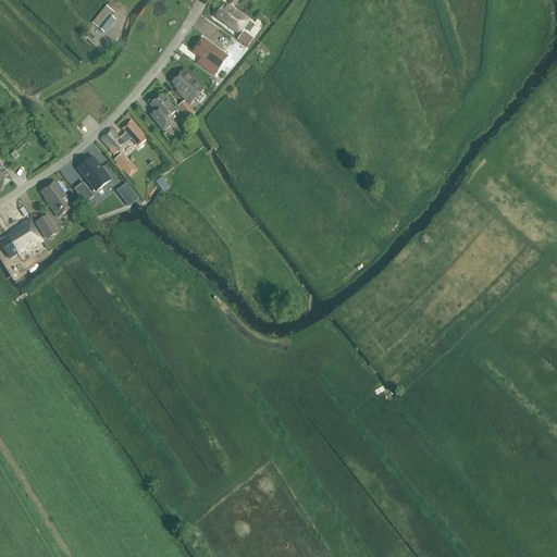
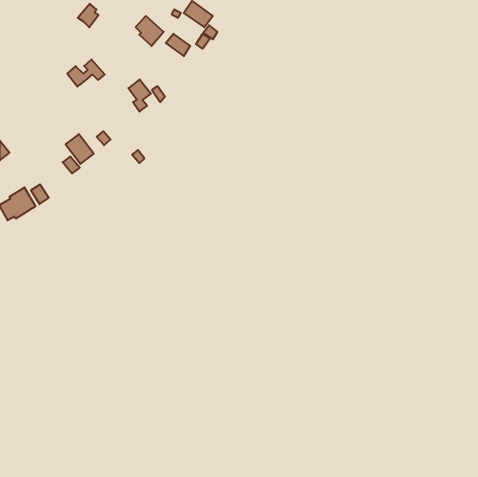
building: [171,67,203,102] -> [136,16,164,46]
building: [101,120,145,151] -> [67,59,105,87]
building: [40,181,72,215] -> none

